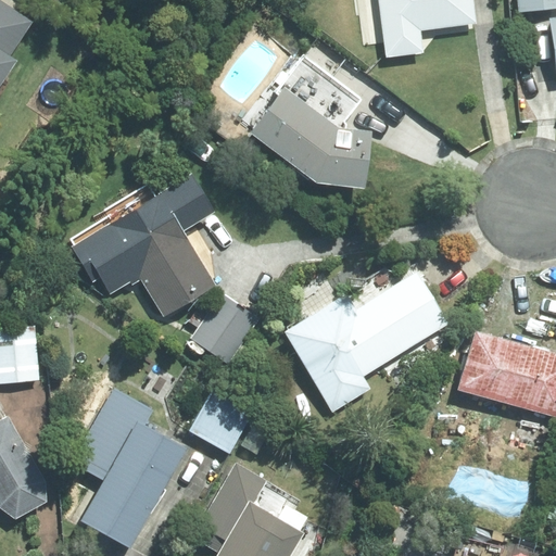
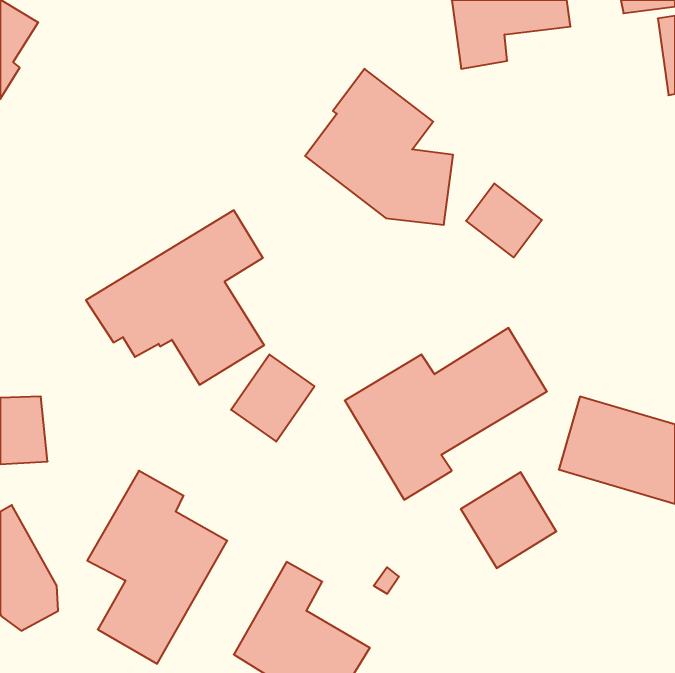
building: none -> [466,183,542,257]
building: [187,390,252,455] -> none
building: none -> [461,472,556,568]

